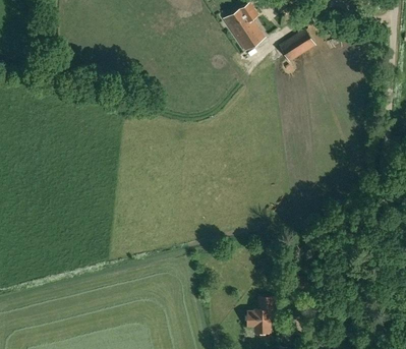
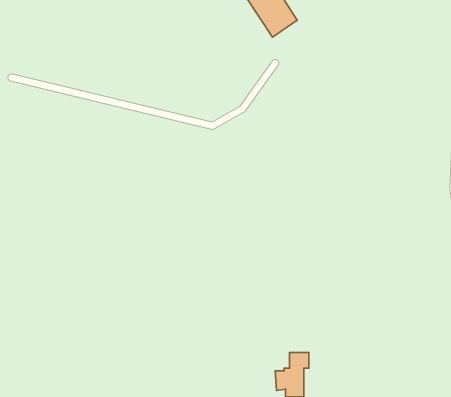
building: [279,31,315,62] -> none

